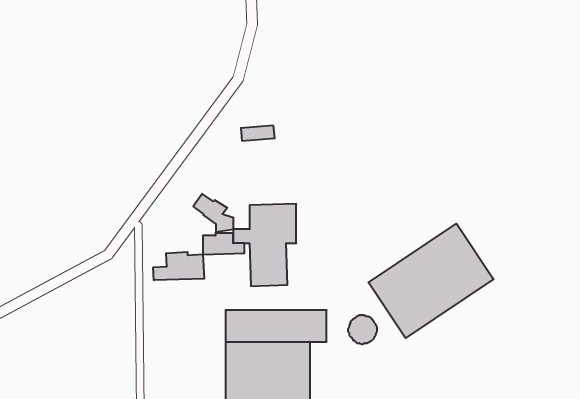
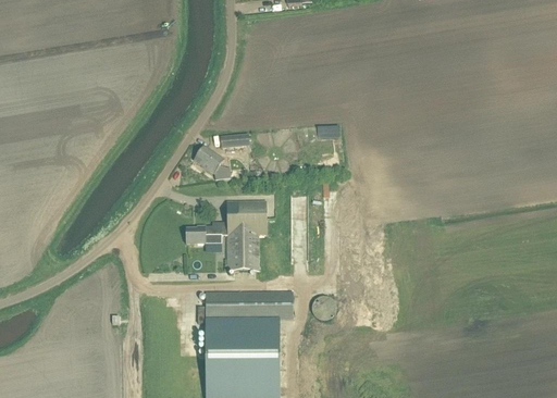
building: [193,194,234,232] -> [195,147,230,179]
building: [368,224,494,338] -> none
building: [153,252,204,280] -> none

